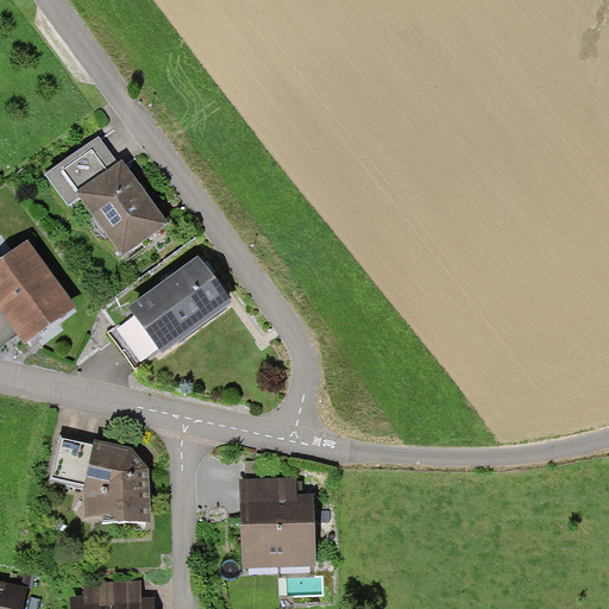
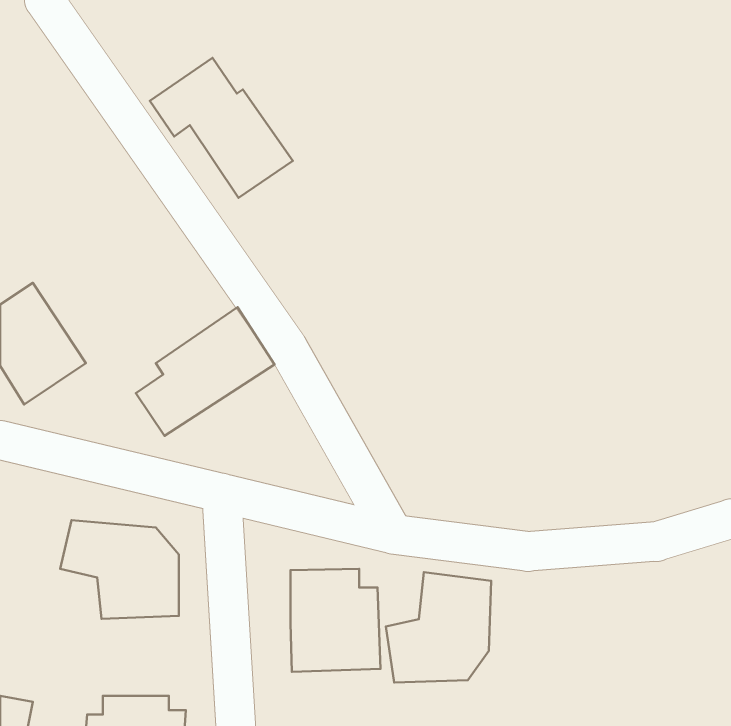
building: [46,138,165,255] -> [150,58,293,198]
building: none -> [386,572,491,682]

